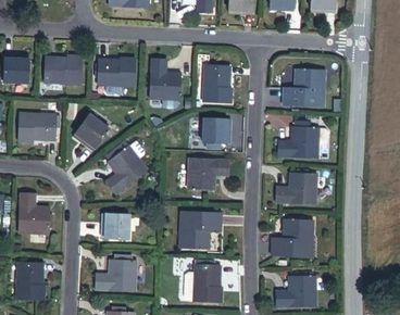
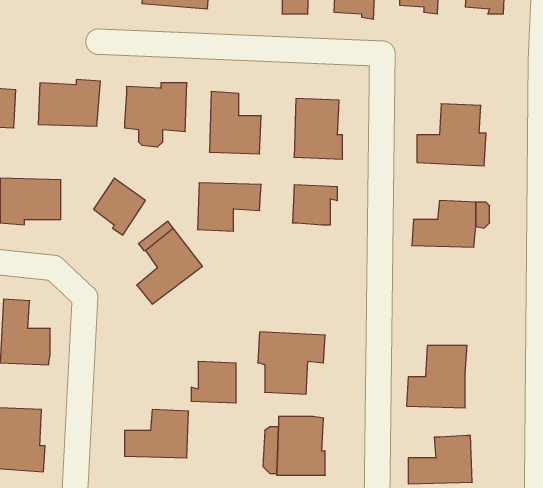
building: [188,160,228,190] -> [197,183,261,231]
building: [275,175,315,204] -> none
building: [100,213,128,239] -> [191,361,236,403]

